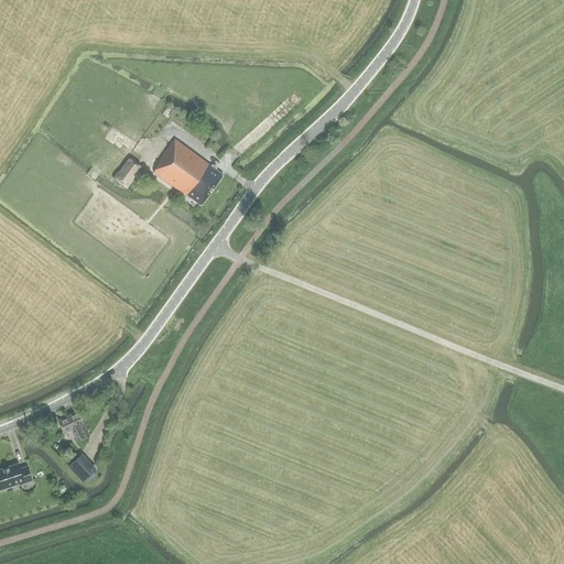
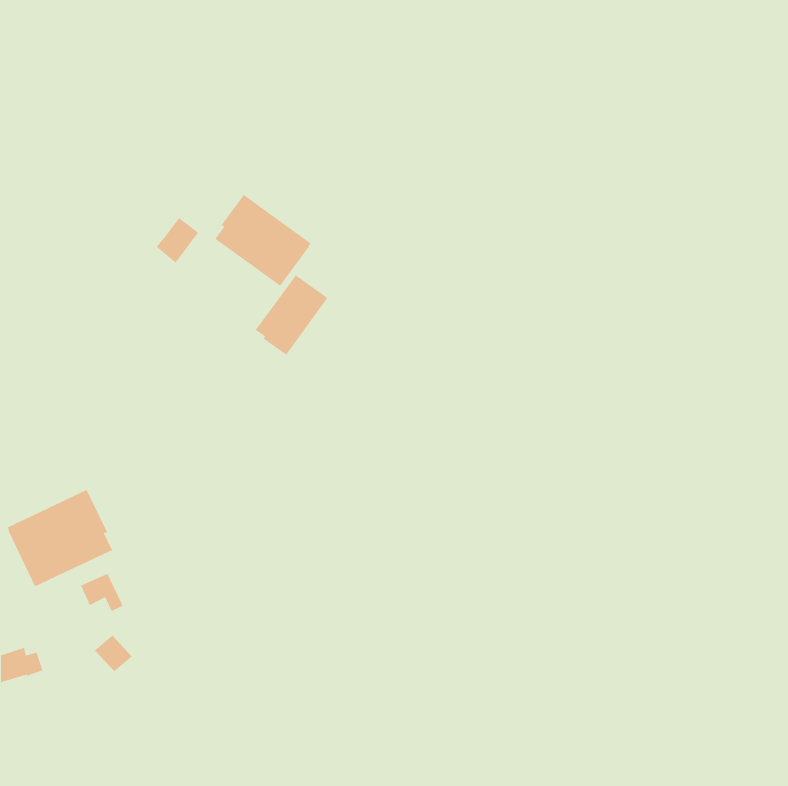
building: none -> [255,274,328,356]
building: none -> [7,489,113,587]

